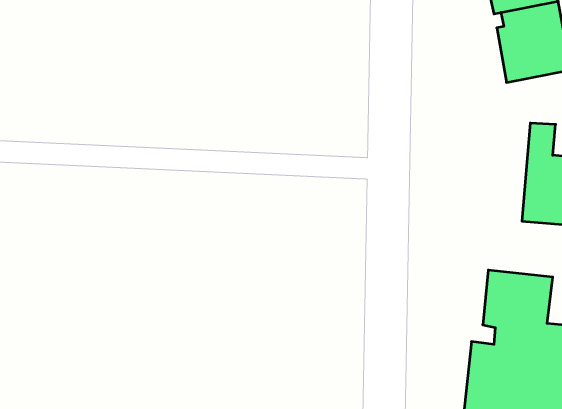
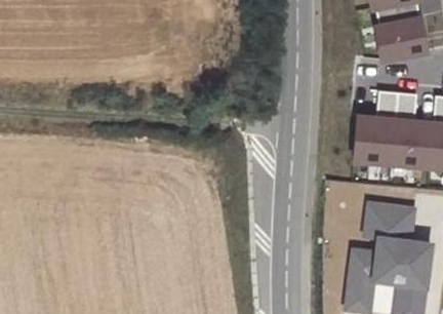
building: none -> [354,91,398,165]

